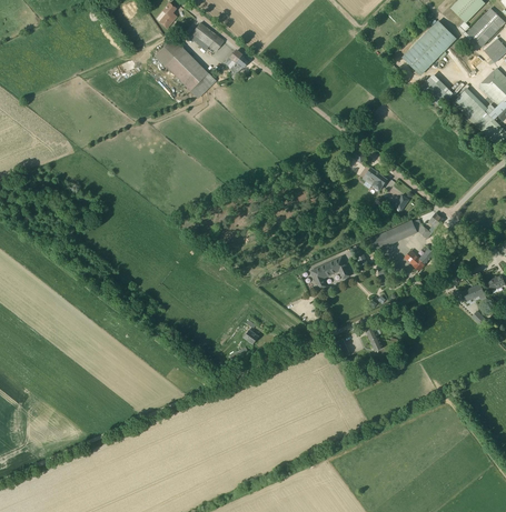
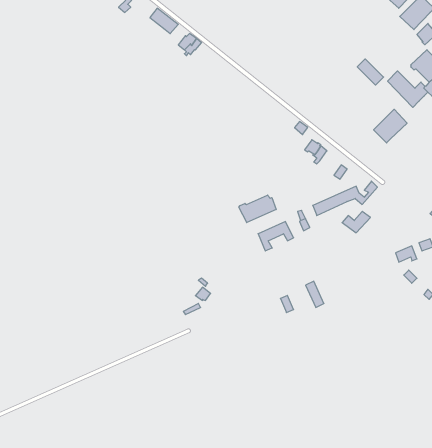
building: [401,21,455,74] -> none
building: [156,37,217,98] -> none
building: none -> [374,109,407,143]
building: none -> [239,195,276,223]

